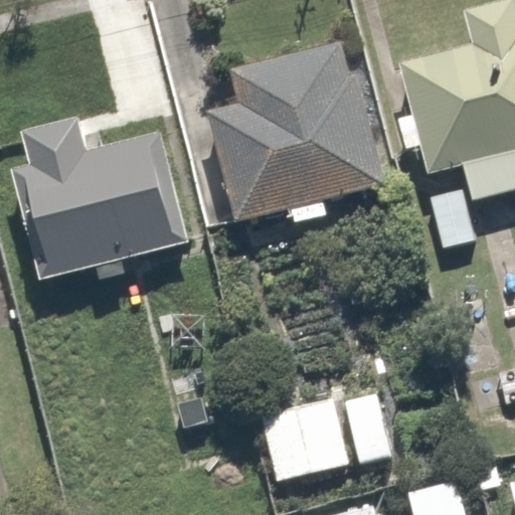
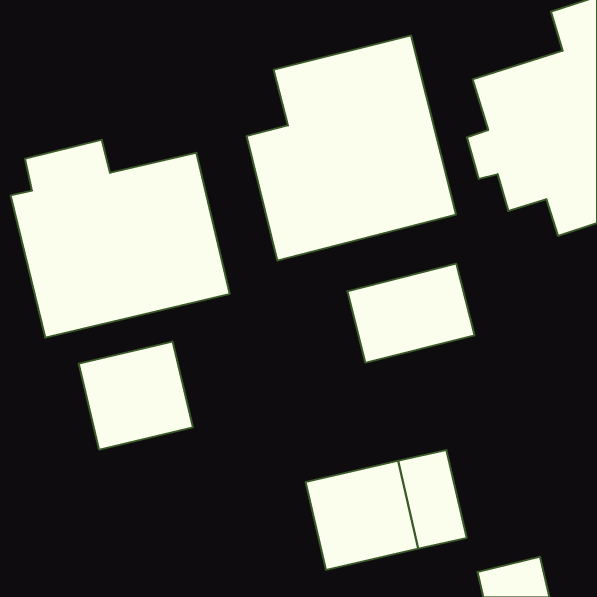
building: none -> [347,264,474,363]
building: none -> [79,341,193,450]

